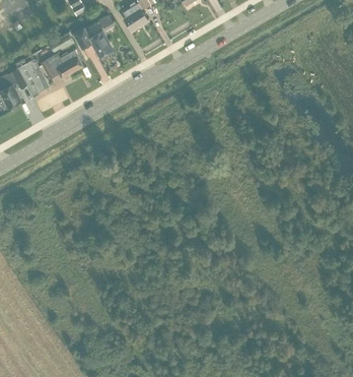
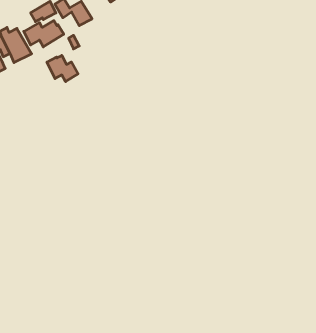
building: none -> [47,55,78,82]

